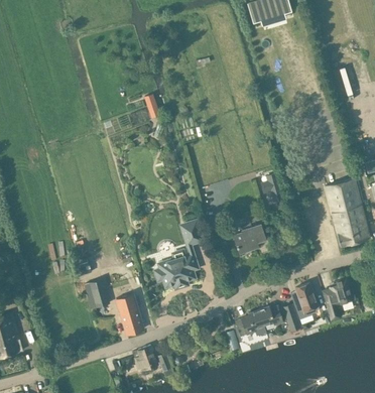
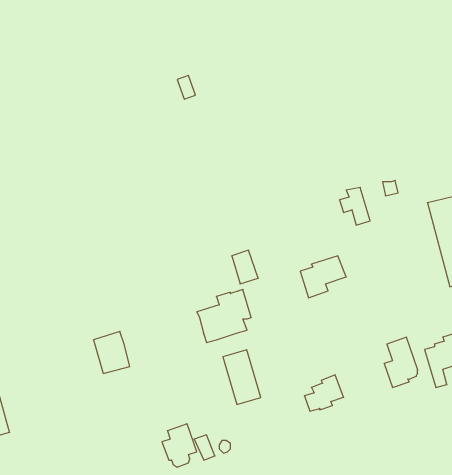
building: [115,295,142,335] -> [223,350,261,404]
building: [257,303,297,326] -> none

